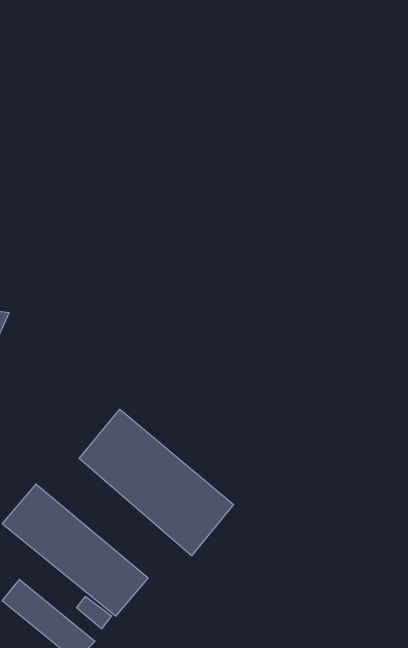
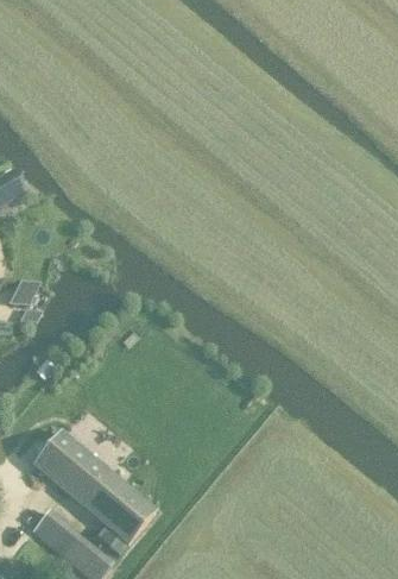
building: [79,409,234,556] -> none

